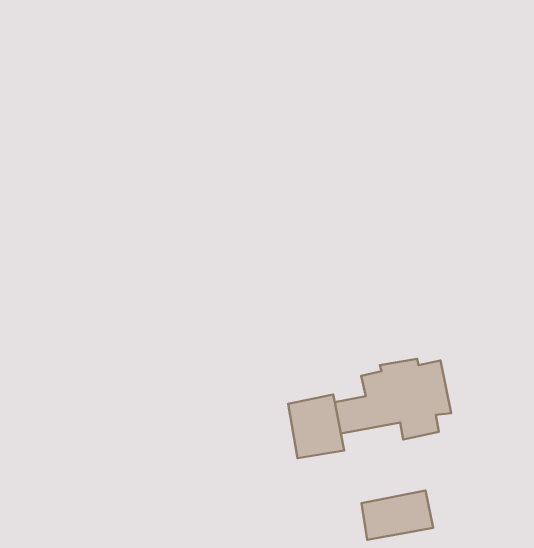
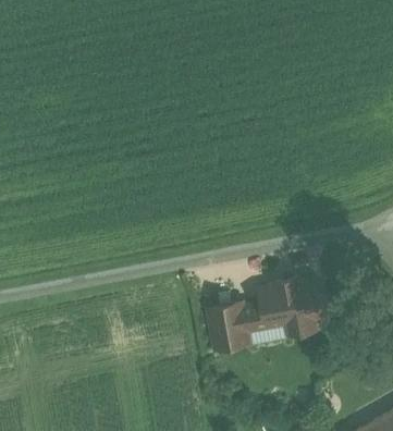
building: [362,491,433,540] -> none

